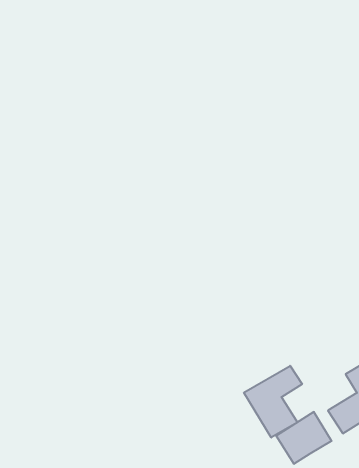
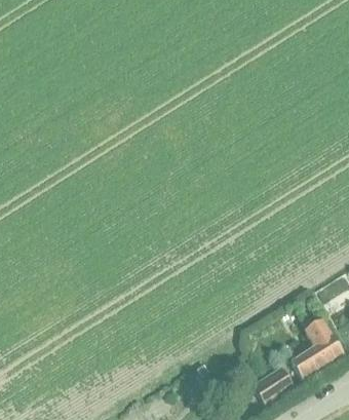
building: [244,366,302,438] -> none

